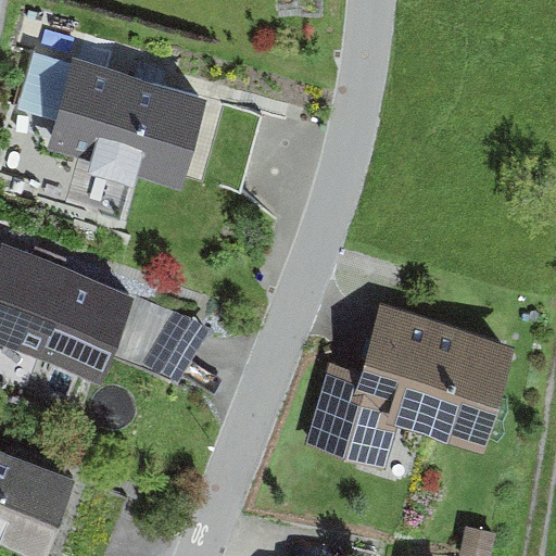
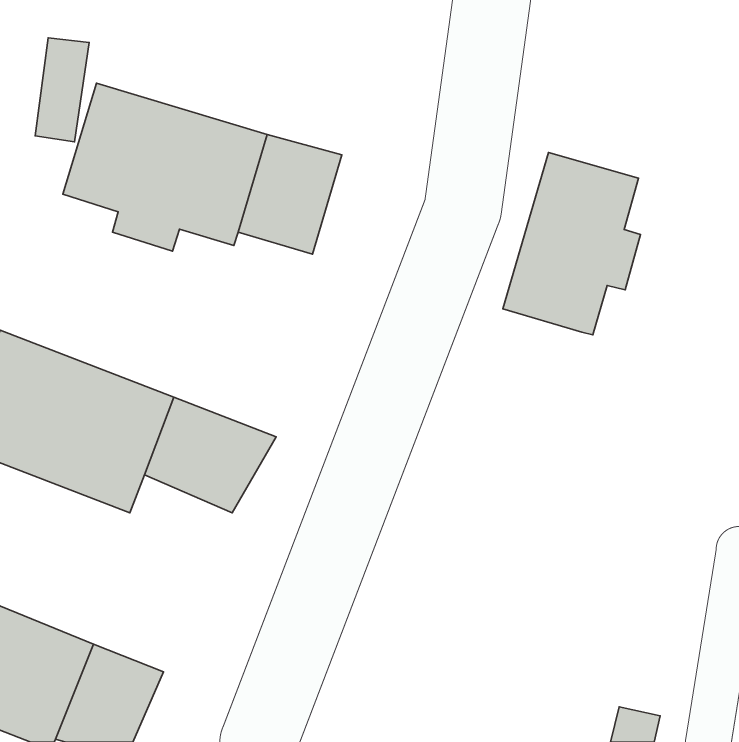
building: none -> [503,152,641,335]
building: [307,311,503,458] -> none

